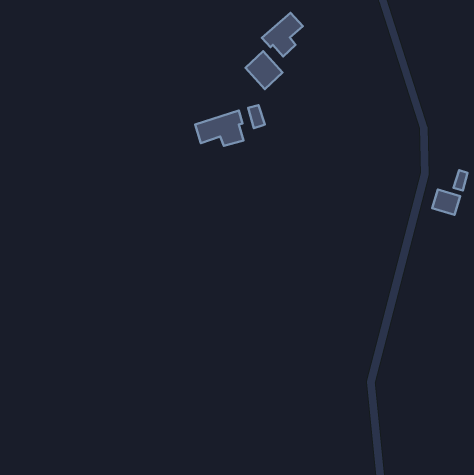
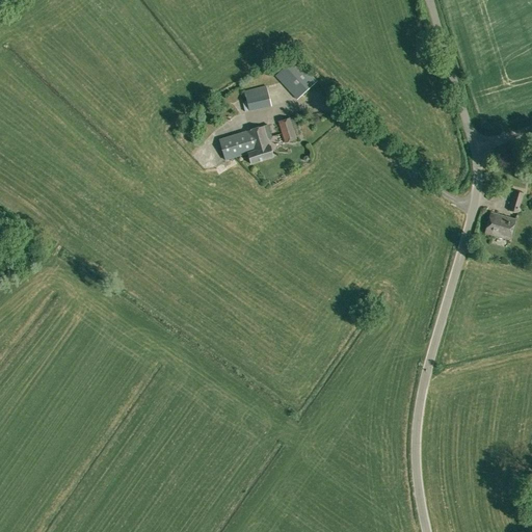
building: [262,13,303,56] -> none
building: none -> [243,86,270,111]

